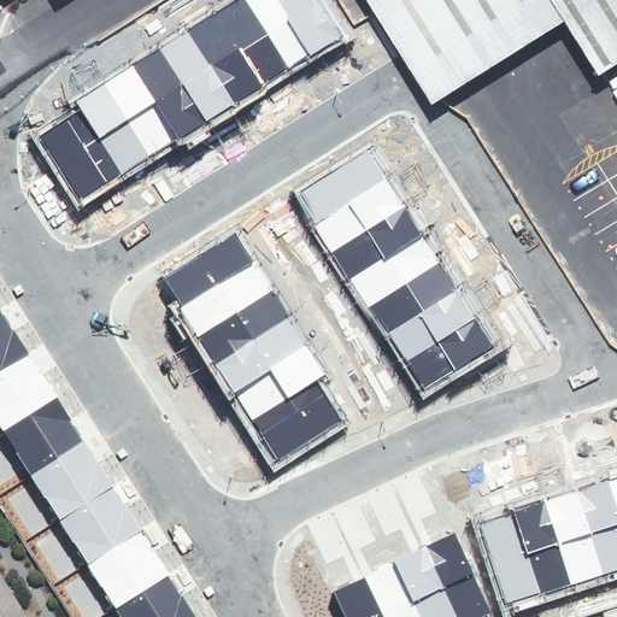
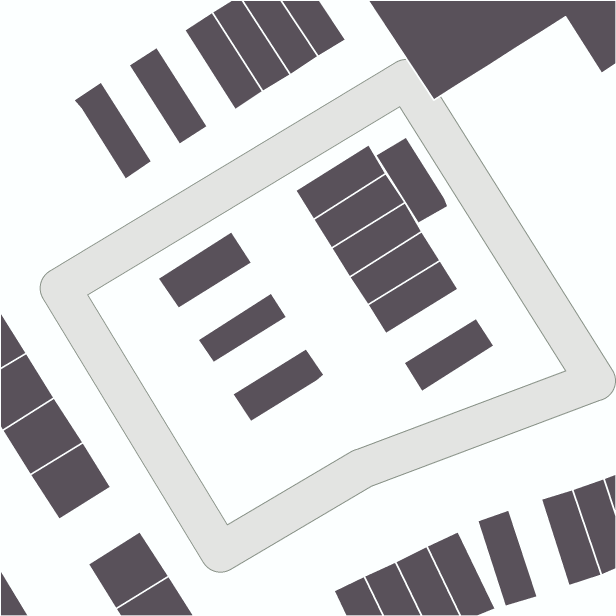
building: [157,30,235,127] -> none
building: [101,65,180,161] -> none
building: [35,108,125,208] -> none
building: none -> [375,137,448,224]
building: [178,263,271,340] -> none
building: [386,289,476,363] -> none
building: [213,317,306,394] -> none
building: [251,381,343,464] -> none
building: [59,487,140,564] -> none
building: [509,499,569,597] -> none

